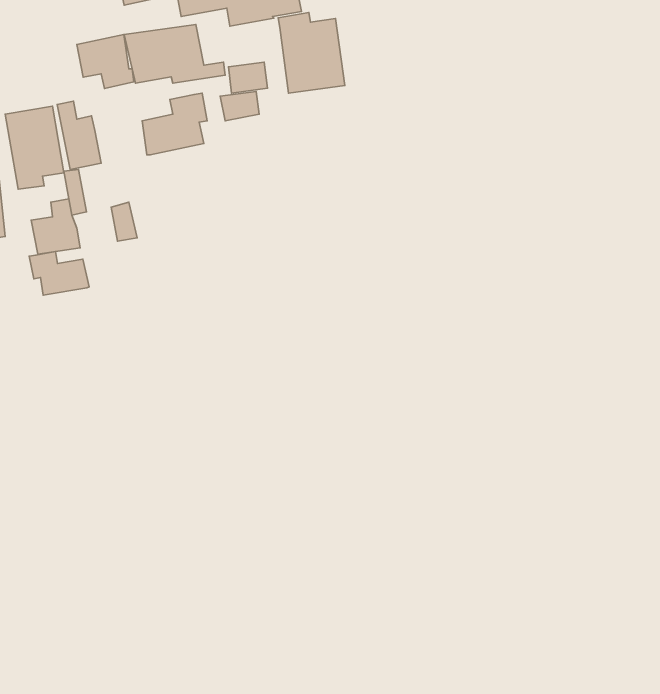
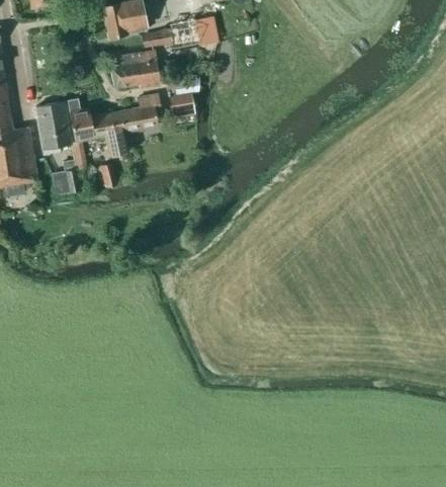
building: [278,12,345,93] -> none
building: [77,35,134,88] -> [90,110,125,144]
building: [29,252,89,295] -> none

